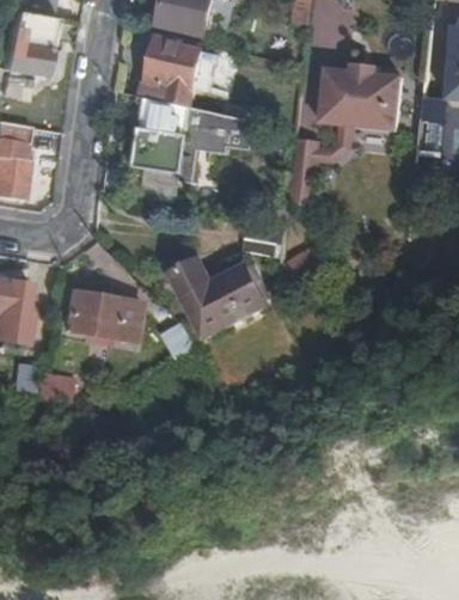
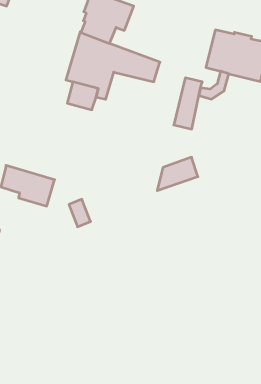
building: [169,258,269,335] -> none

